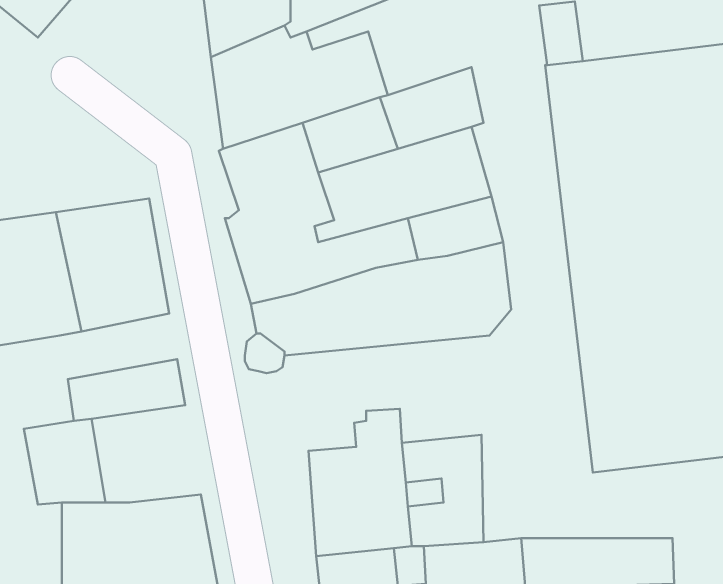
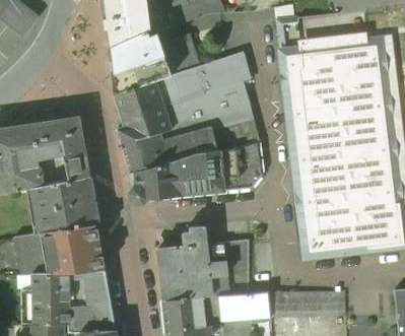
building: none -> [156,67,205,106]
building: none -> [32,178,92,211]
building: none -> [49,224,106,274]

